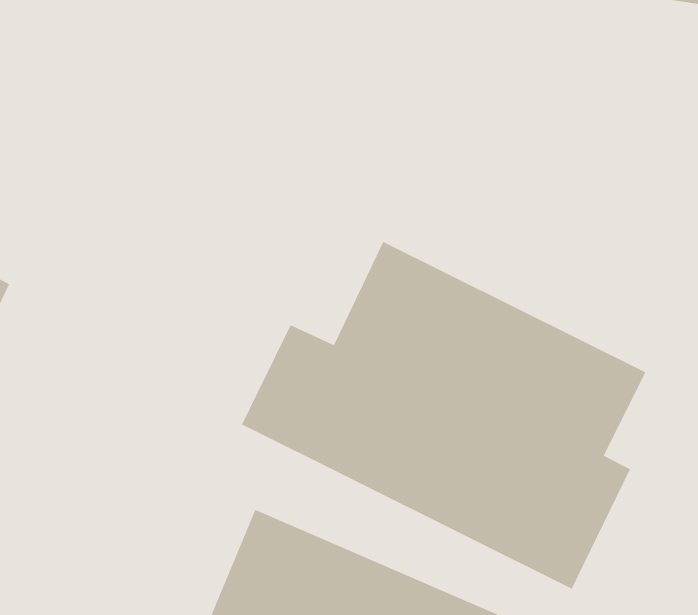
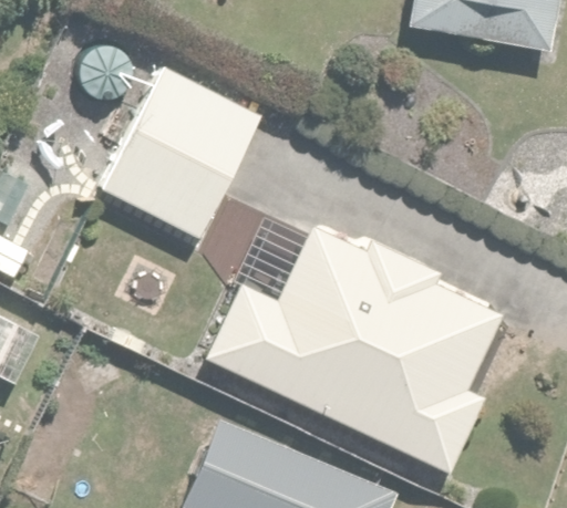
building: none -> [97,64,264,243]

